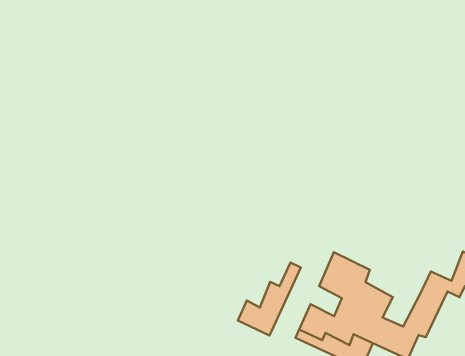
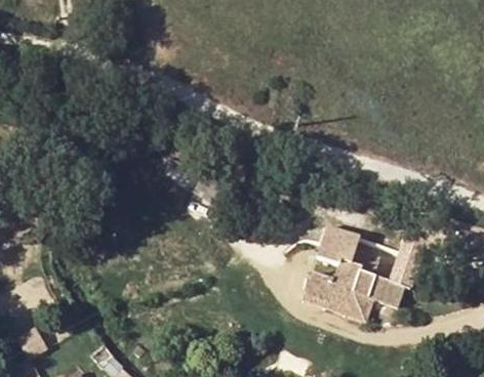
building: [238,262,301,336] -> none

